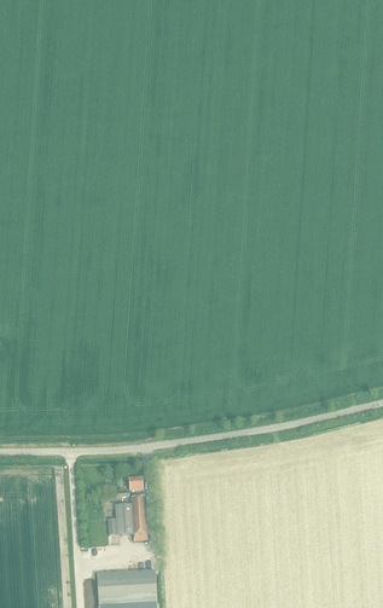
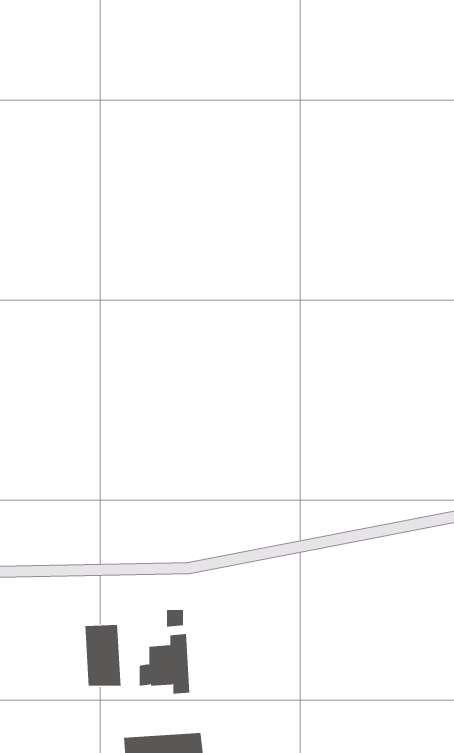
building: none -> [85,624,121,687]

